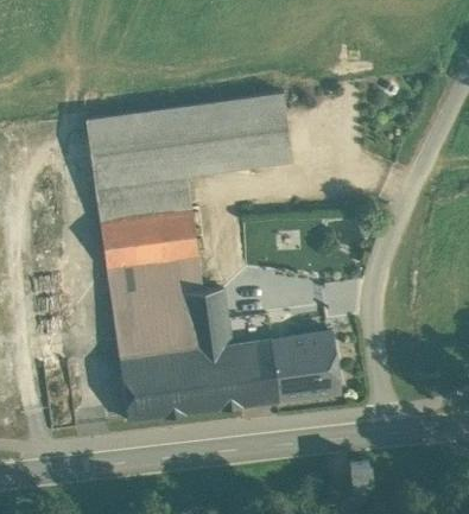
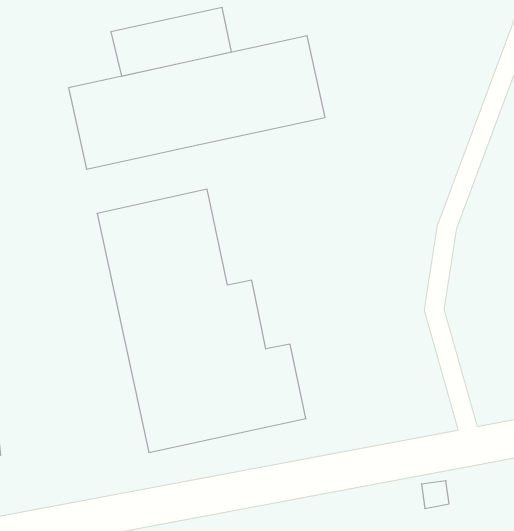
building: [95,174,192,224] -> [111,7,231,76]
building: [251,331,341,405] -> none

